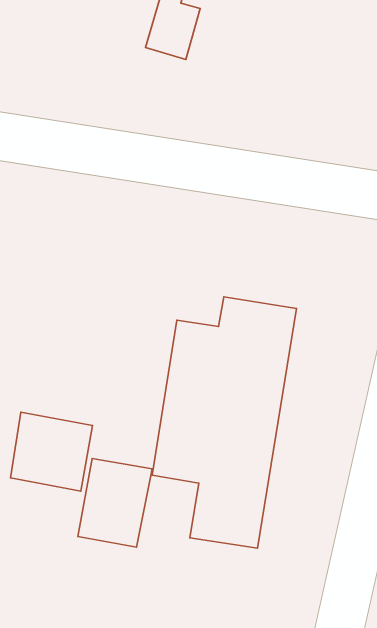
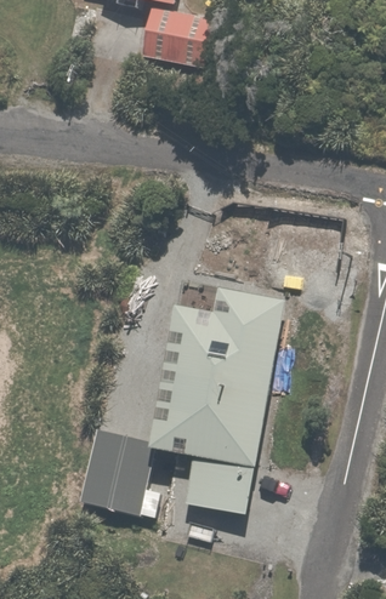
building: [10,412,93,491] -> none

